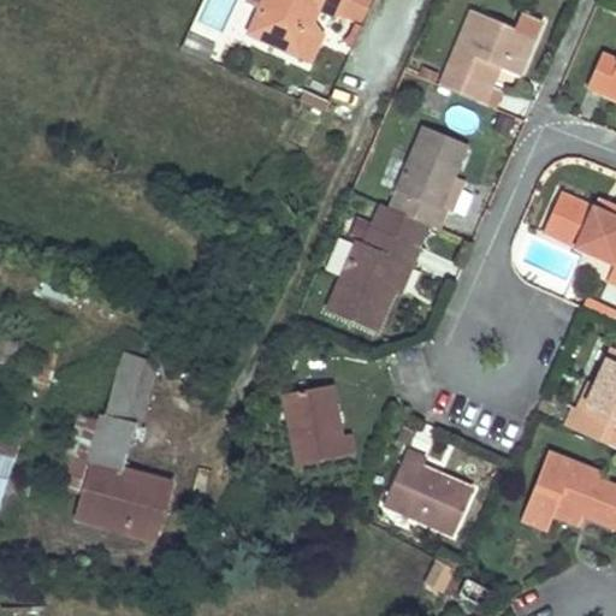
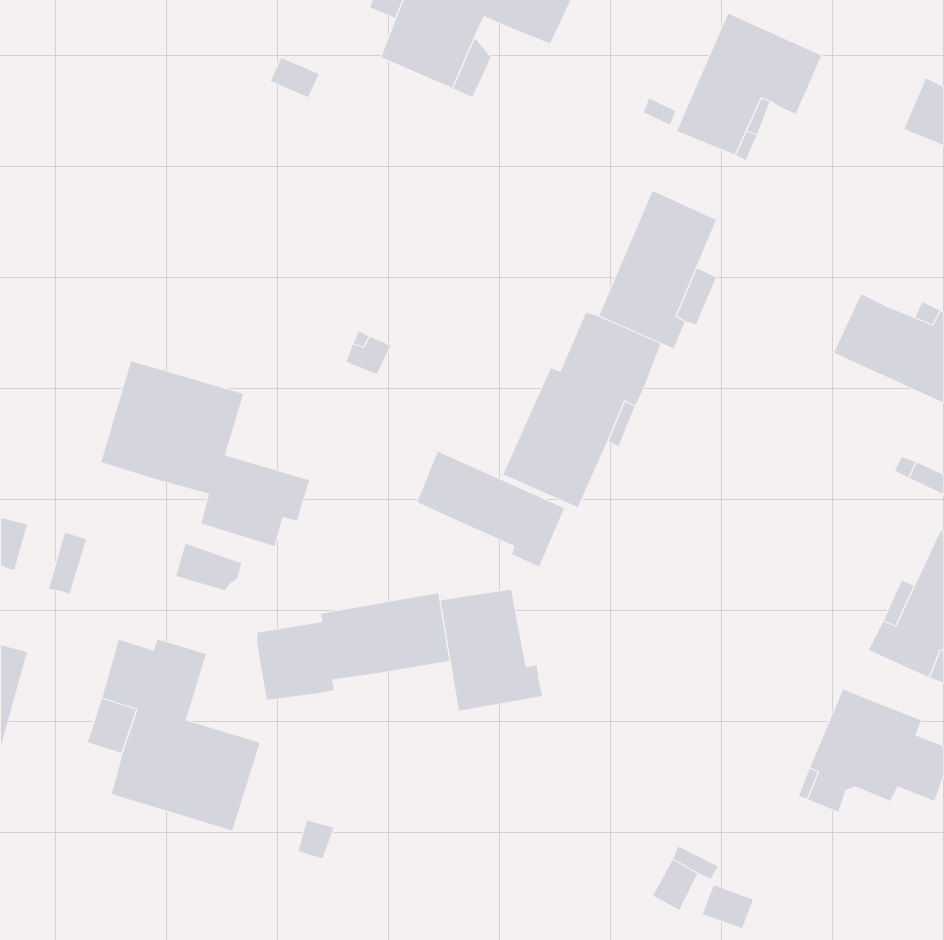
building: none -> [101,361,310,547]
building: none -> [416,451,565,567]
building: [102,375,147,426] -> none
building: none -> [257,593,450,701]
building: [384,450,474,534] -> none

